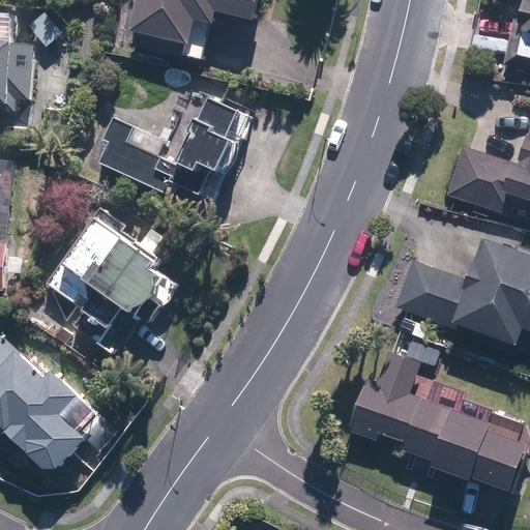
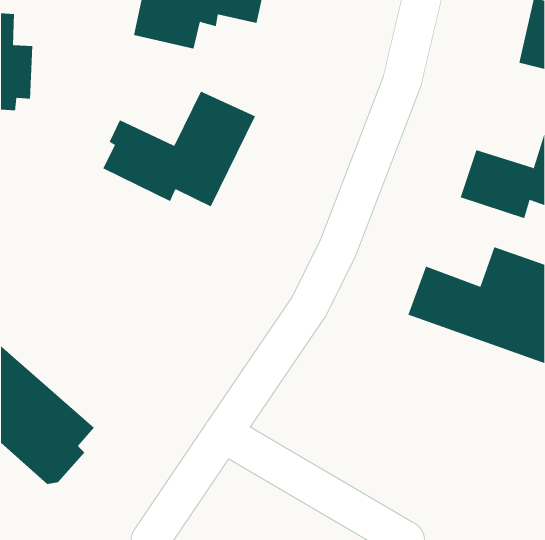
building: [47,207,176,350] -> none
building: [348,356,523,489] -> none

